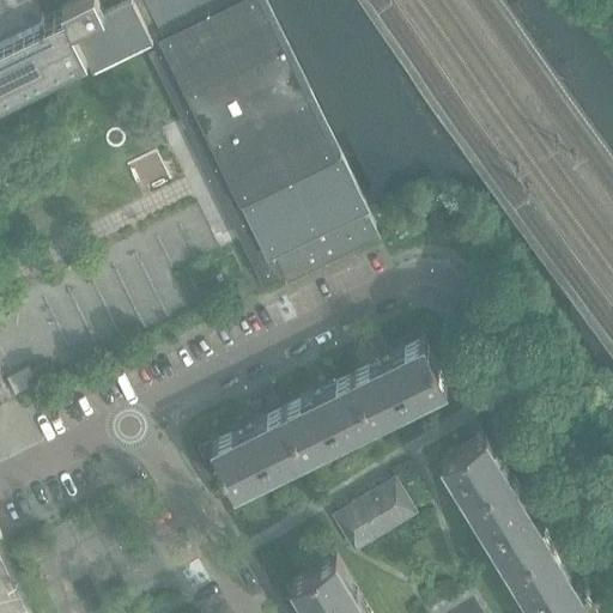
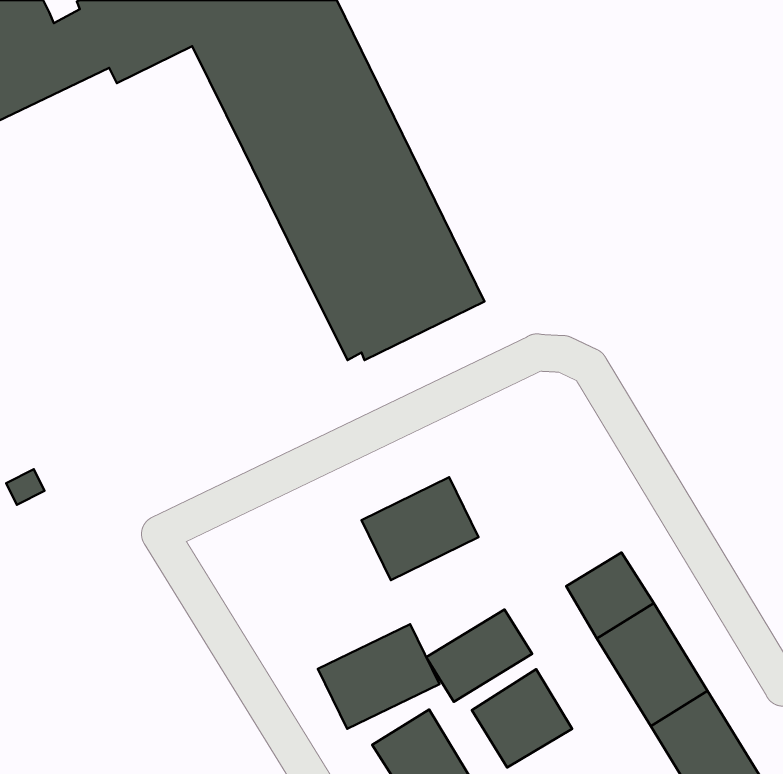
building: [350,345,444,427] -> none
building: [210,414,304,496] -> [318,624,439,729]
building: none -> [472,669,572,767]

